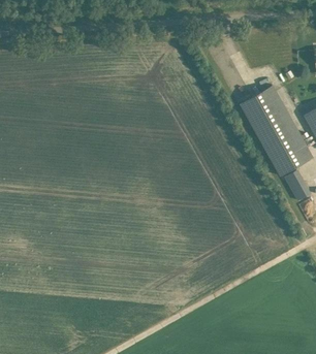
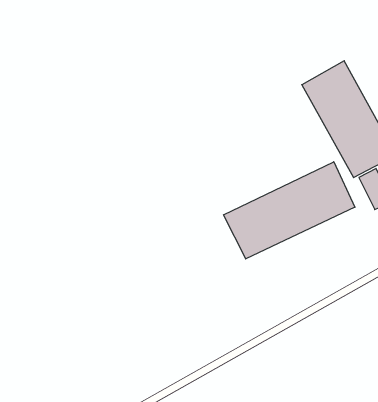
building: none -> [224,162,355,259]

